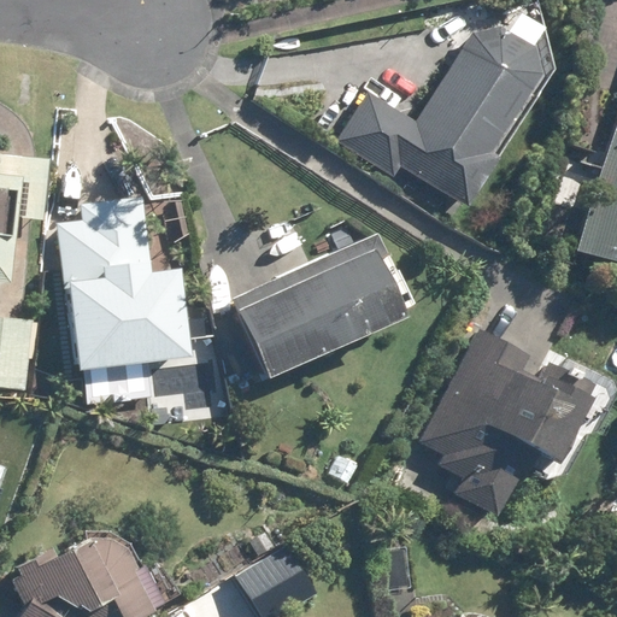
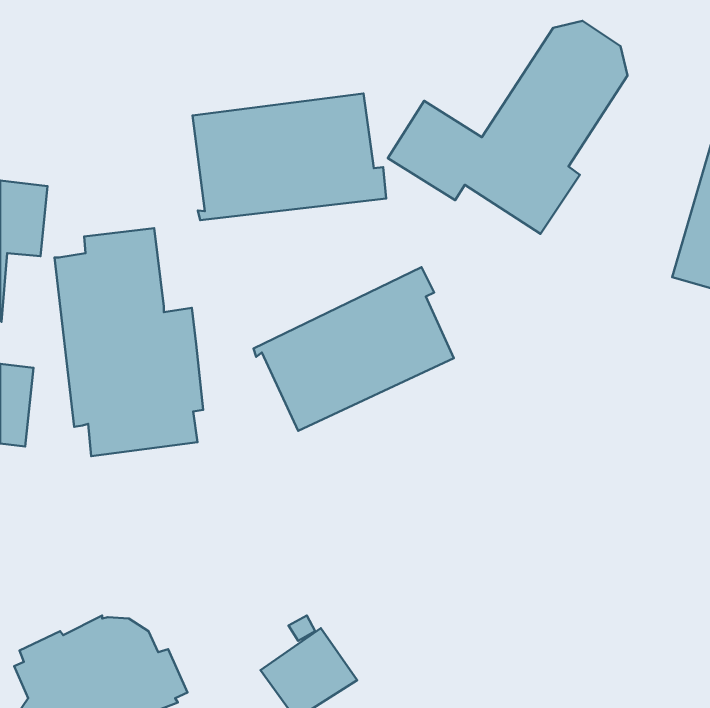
building: none -> [193,93,386,220]
building: [423,331,597,516] -> none

